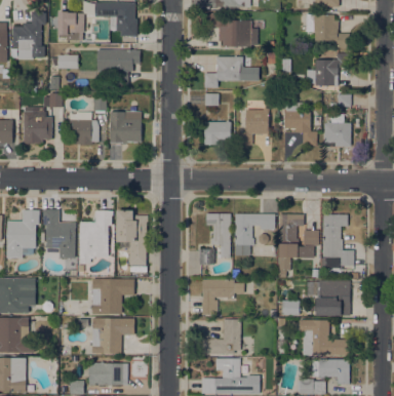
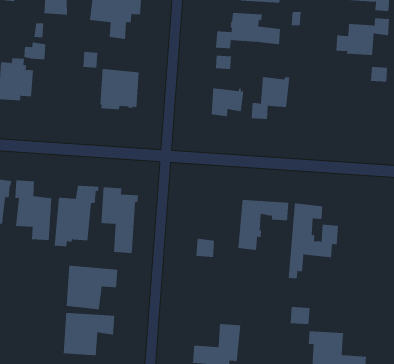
building: [284,103,317,146] -> none
building: [69,112,99,145] -> none
building: [324,114,351,146] -> none
building: [206,213,231,258] -> none
building: [322,214,354,266] -> none
building: [202,279,243,314] -> none
building: [306,280,350,316] -> none

